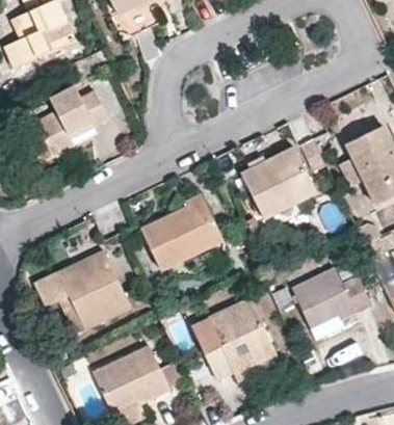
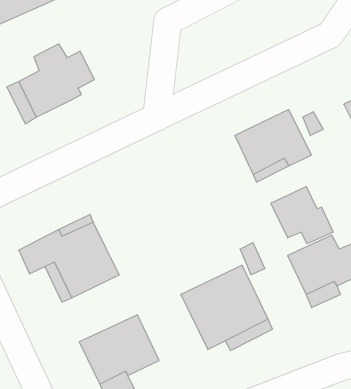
building: [142,194,221,268] -> none
building: none -> [271,186,333,244]

